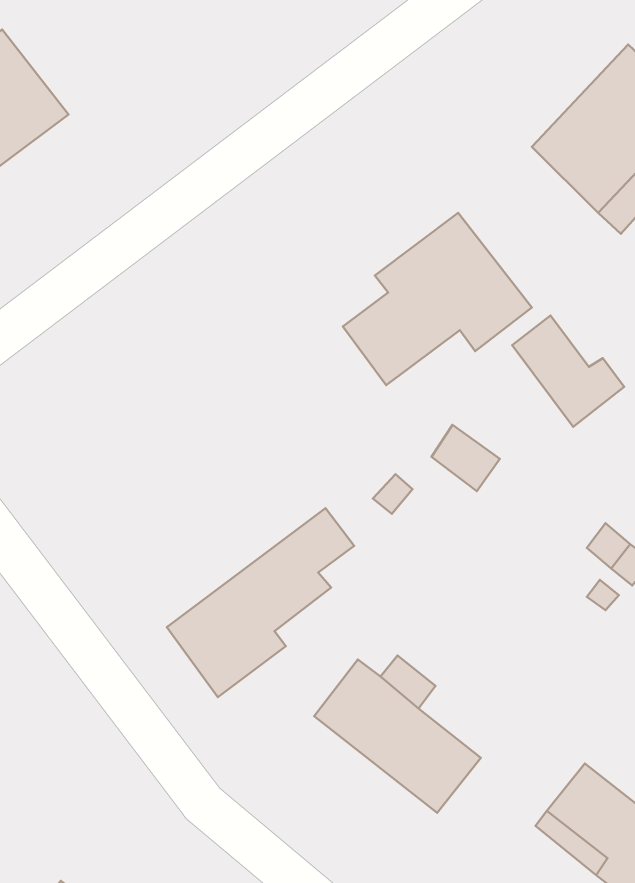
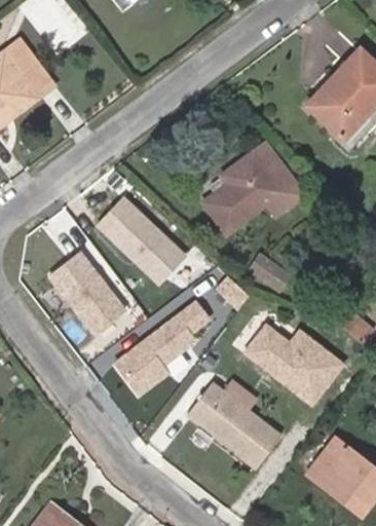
building: none -> [95,194,190,286]
building: [512,316,624,427] -> none
building: none -> [46,251,127,337]
building: none -> [240,318,344,405]

